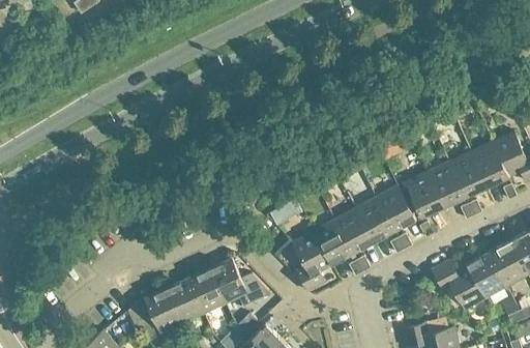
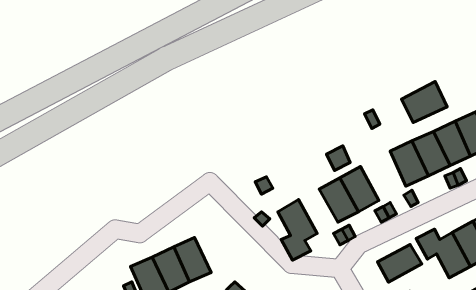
building: none -> [402,82,447,123]
building: [376,184,416,231] -> none
building: [314,220,353,264] -> none
building: [209,258,270,307] -> none
building: none -> [378,244,422,282]

